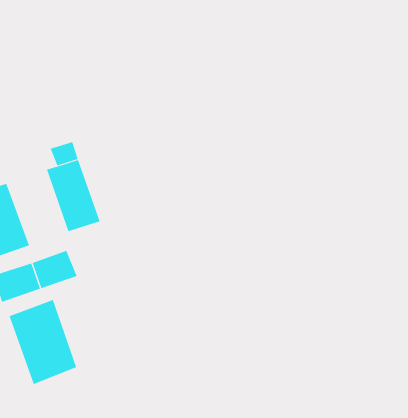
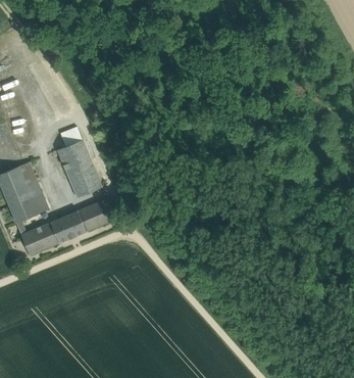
building: none -> [77,199,114,231]
building: [9,299,77,385] -> none

